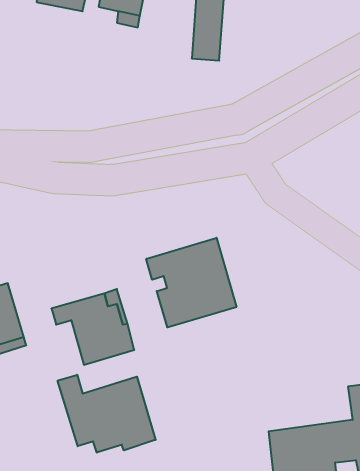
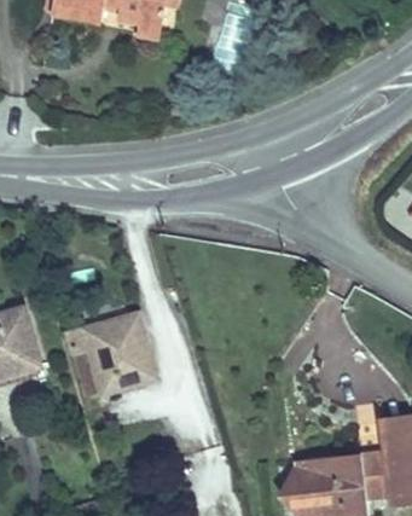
building: [146,238,236,327] -> none
building: [58,375,156,453] -> none

